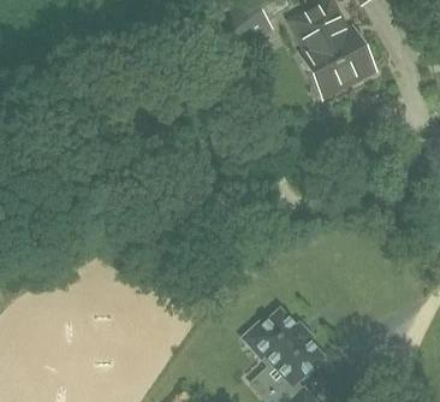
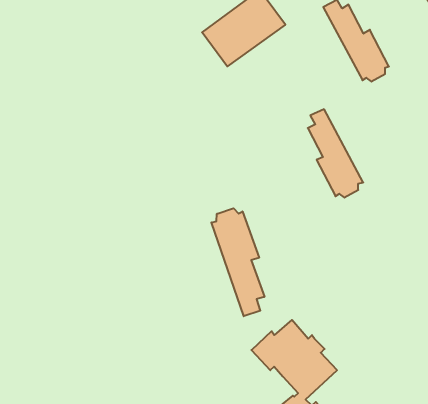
building: [296,8,349,93] -> [308,109,363,198]
building: none -> [211,208,264,316]

